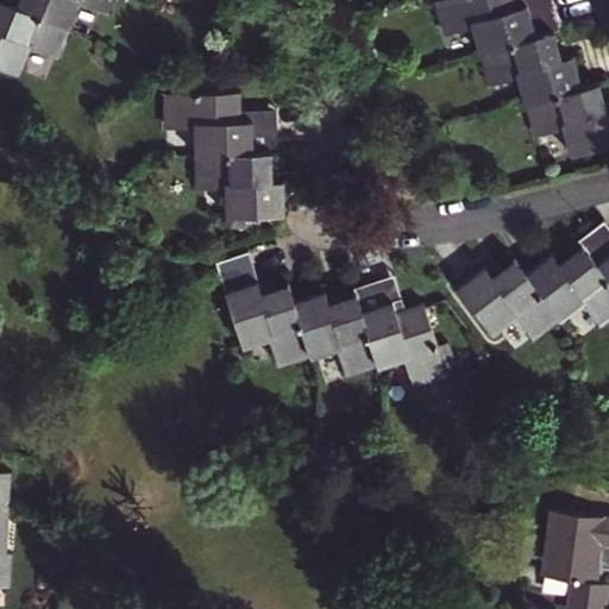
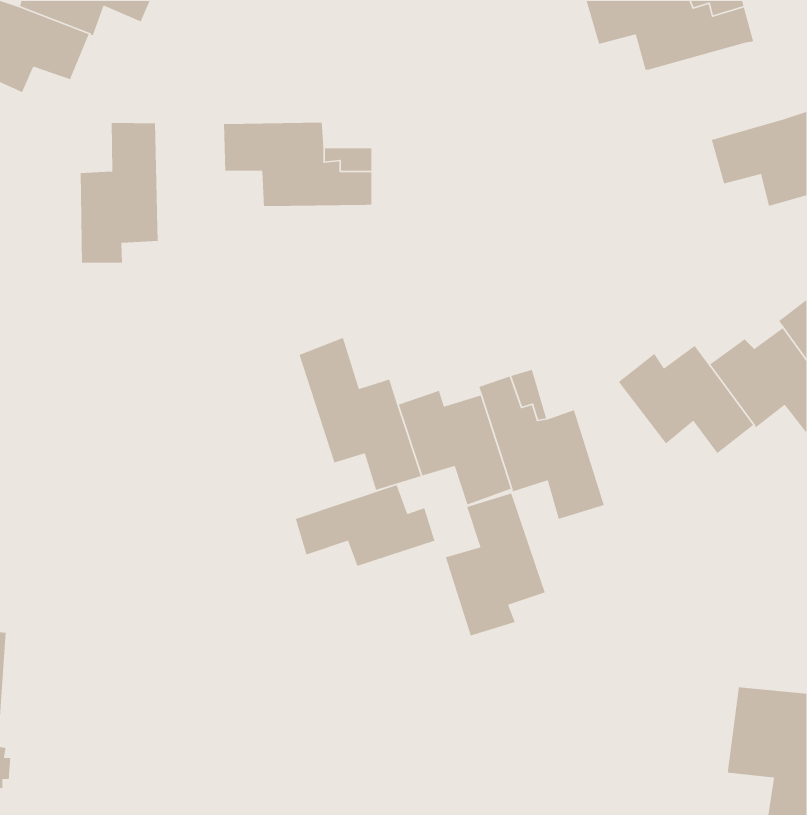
building: [481,36,580,107] -> none
building: none -> [80,122,159,263]
building: [197,156,283,218] -> none
building: none -> [295,484,435,567]
building: none -> [445,493,546,636]

